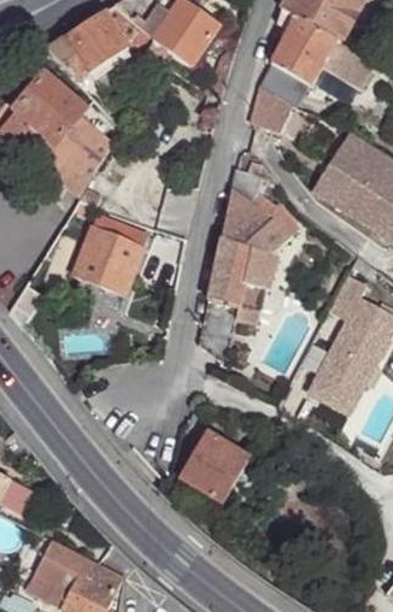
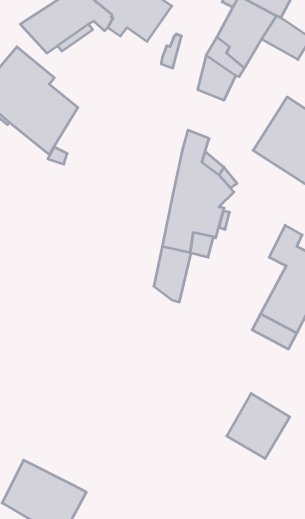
building: [74,213,149,293] -> none
building: [180,429,251,502] -> [227,393,290,459]

